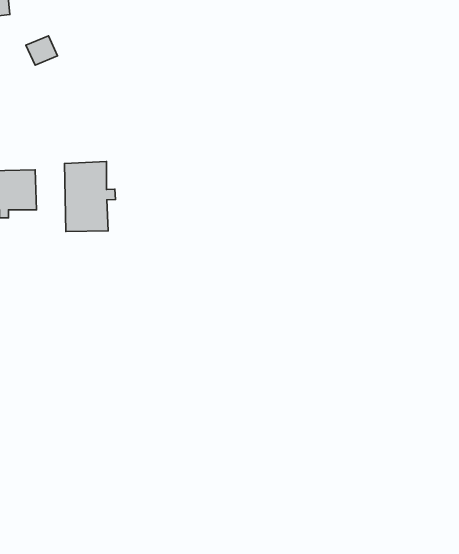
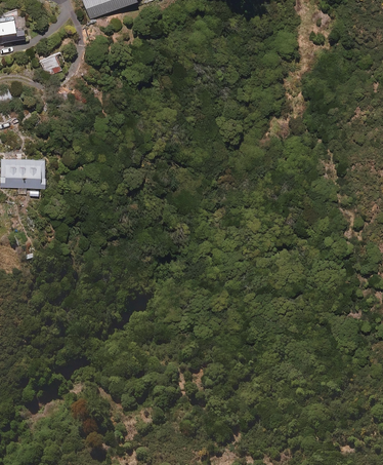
building: [64,162,115,231] -> none

